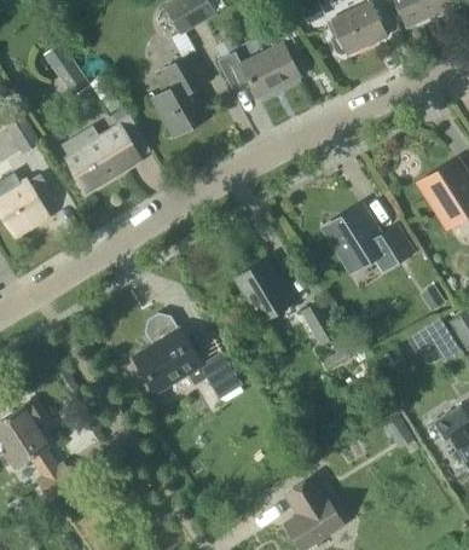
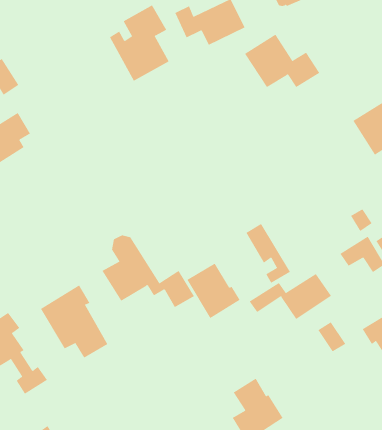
building: [52,57,89,98] -> none
building: [60,115,145,190] -> none
building: [324,207,411,268] -> [244,34,320,88]
building: [232,259,294,323] -> [187,263,241,319]
building: none -> [249,273,332,320]
building: none -> [40,285,108,358]

